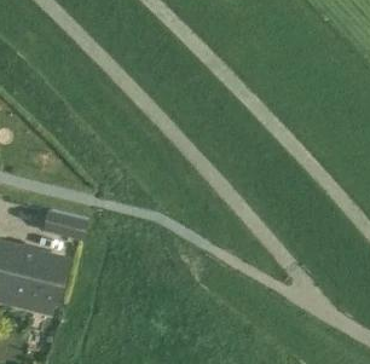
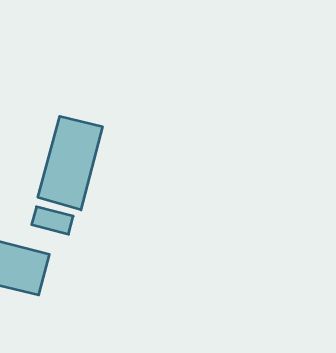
building: none -> [38,116,102,210]

